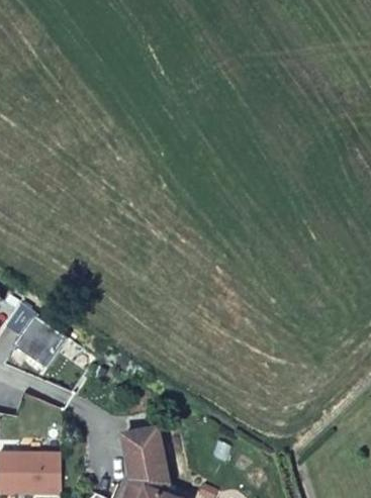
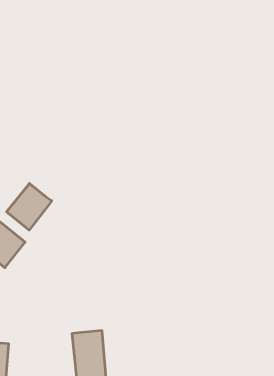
building: none -> [7,183,52,230]

